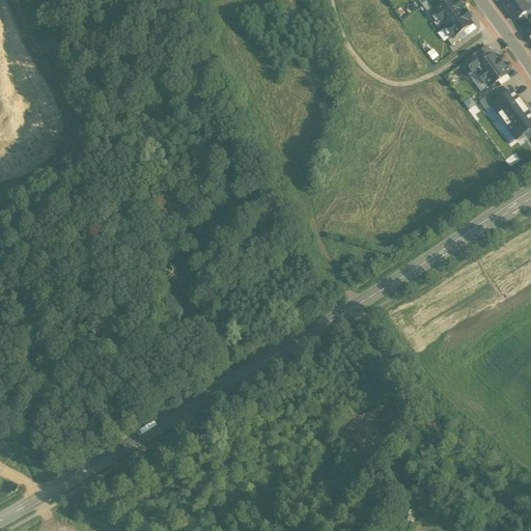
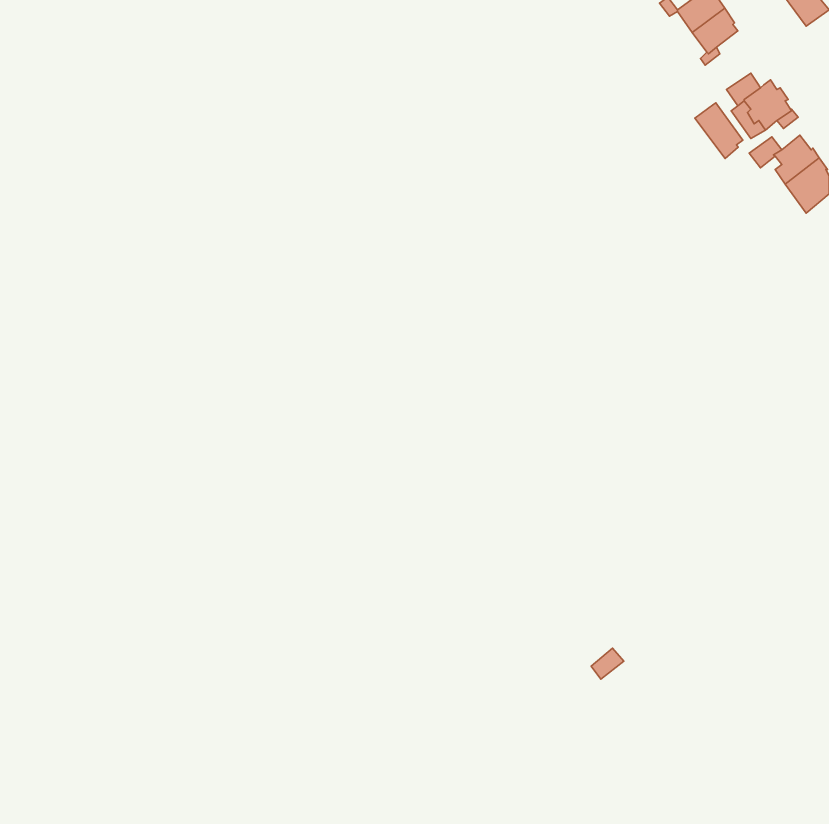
building: none -> [695,103,743,159]

